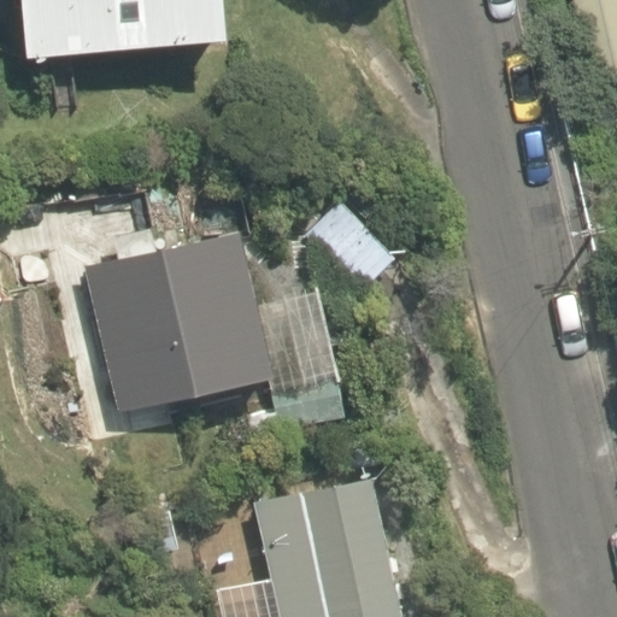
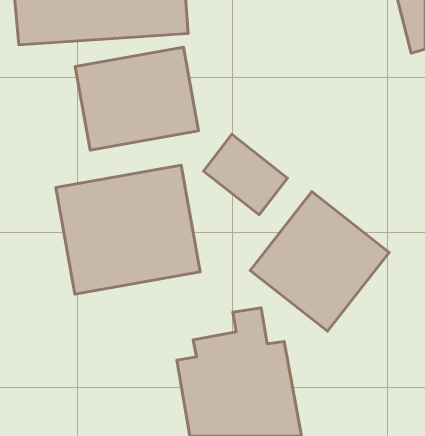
building: none -> [75,47,199,150]
building: none -> [250,192,389,331]

